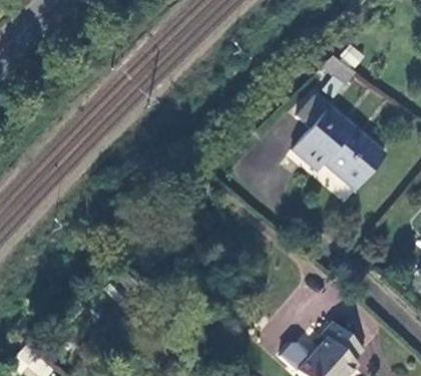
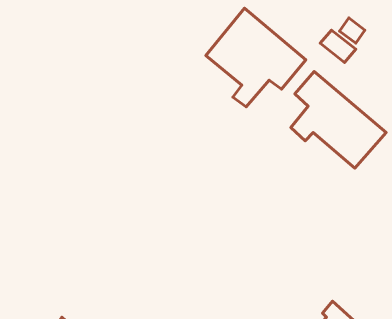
building: none -> [206,8,306,107]

